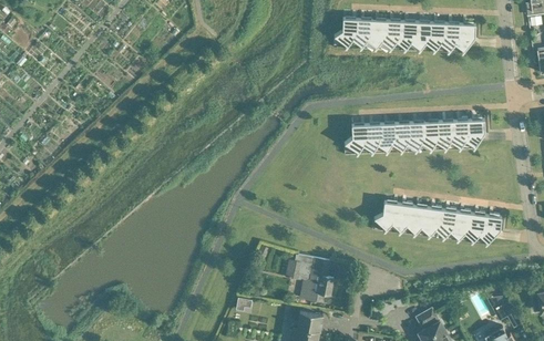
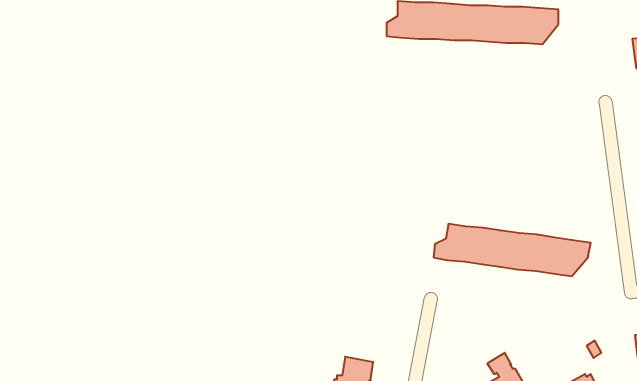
building: [345,117,485,154] -> none
building: [286,252,335,301] -> none

